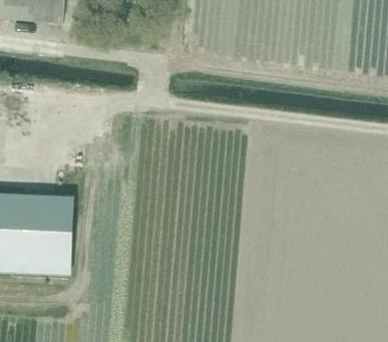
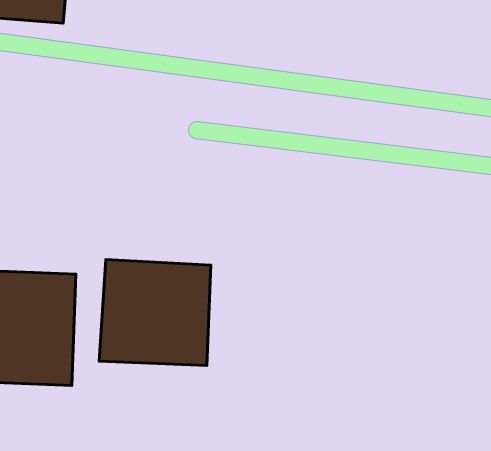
building: none -> [99,259,211,365]

